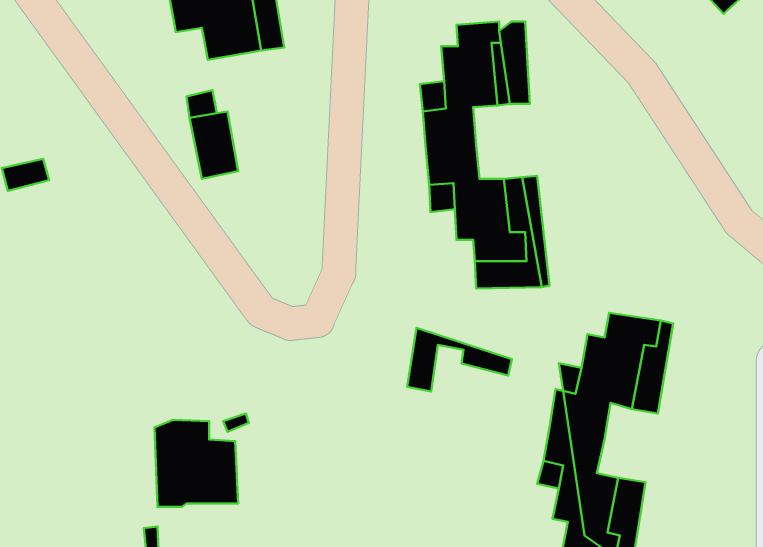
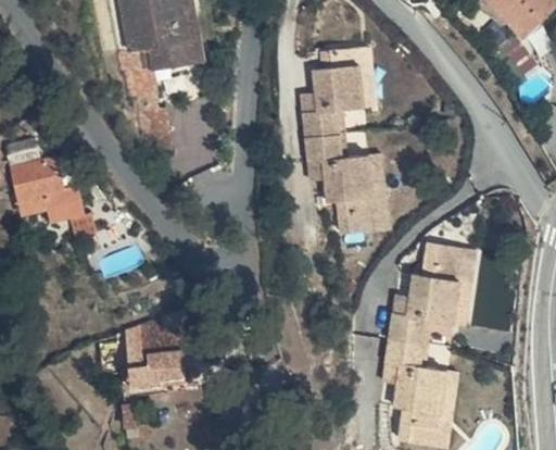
building: none -> [9,155,85,224]
building: [407,328,512,392] -> none

